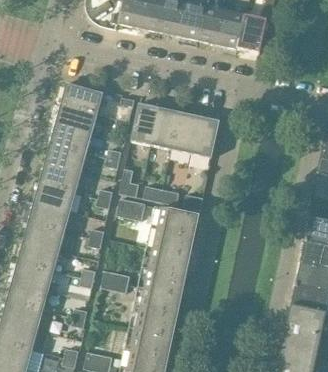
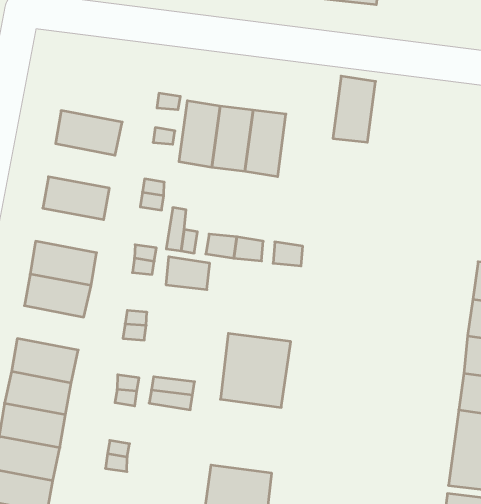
building: [60,83,103,113] -> none
building: [190,116,219,158] -> [333,76,376,142]
building: [49,123,91,153] -> none
building: [38,162,81,192] -> none
building: [152,207,199,256] -> none
building: [22,221,64,251] -> none
building: [135,288,181,336] -> none

